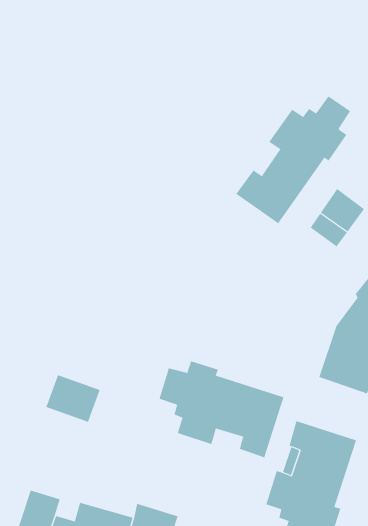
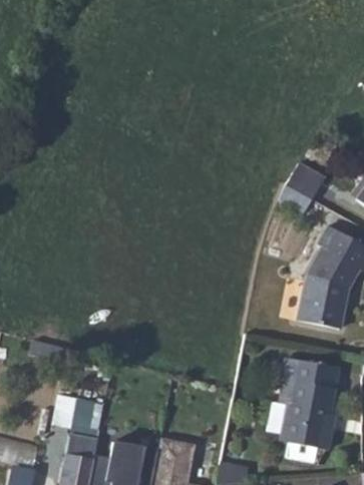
building: [235,95,351,224] -> none
building: [159,361,284,458] -> none
building: [46,374,100,422] -> [52,393,96,430]

